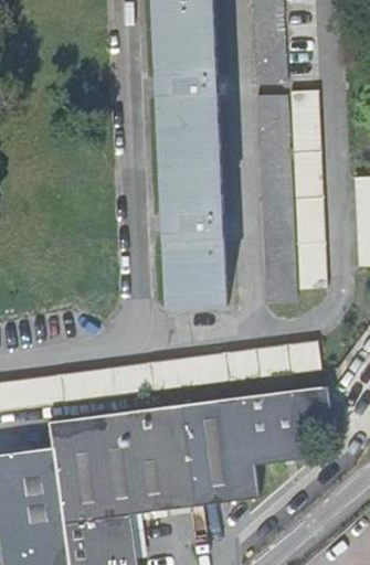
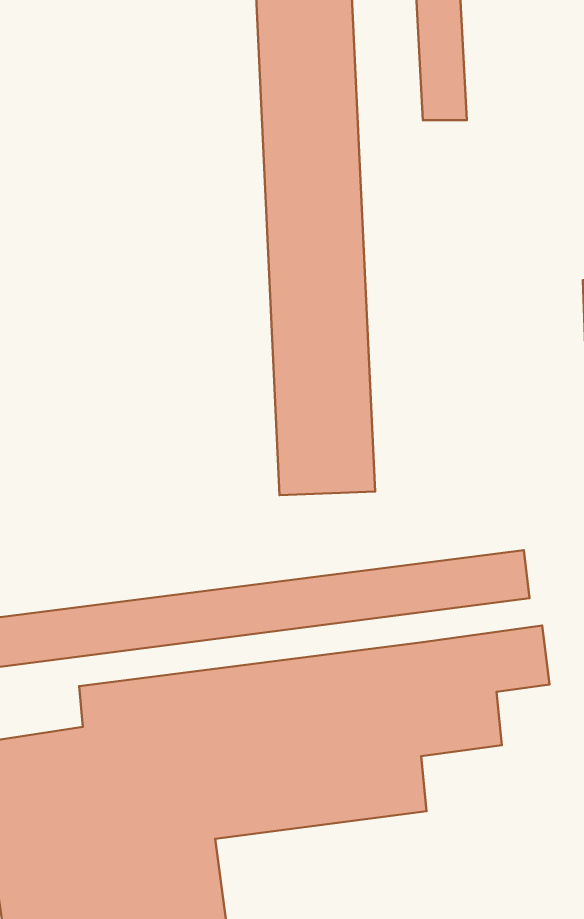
building: [287,94,326,294] -> none
building: [255,97,292,302] -> none

